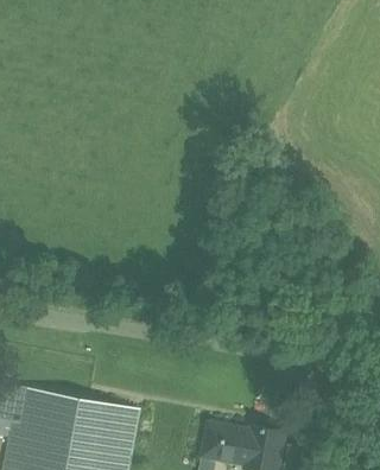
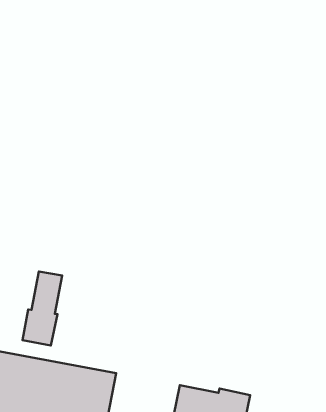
building: none -> [22,272,62,345]

